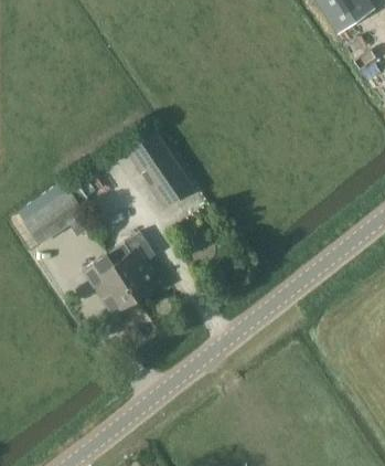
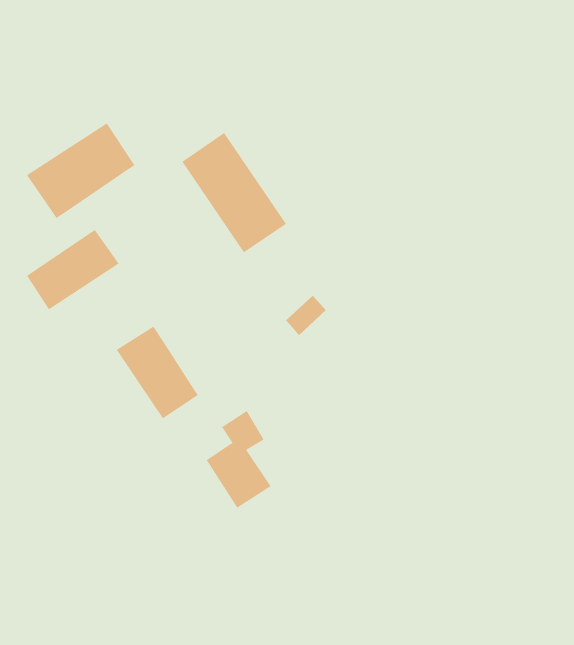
building: none -> [26,122,135,219]
building: [115,231,157,294] -> [206,410,271,509]

